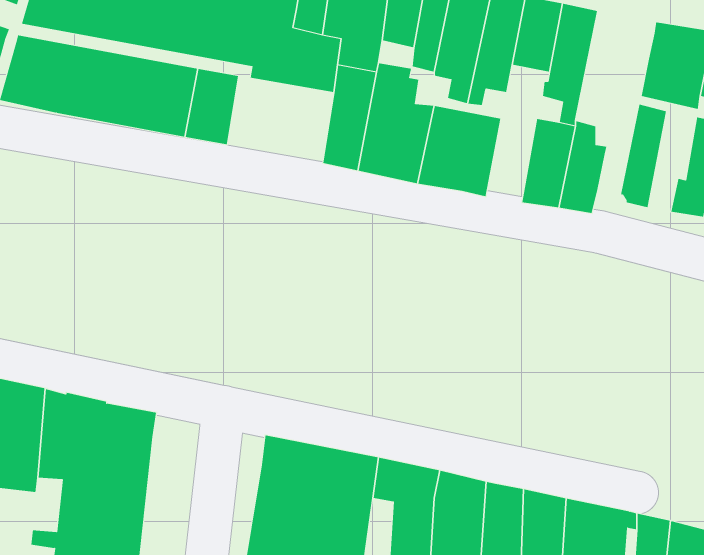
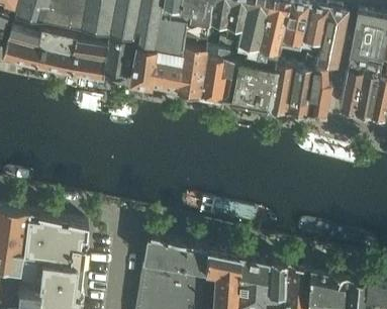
building: none -> [315,10,347,84]
building: none -> [126,45,184,93]
building: none -> [355,65,381,119]
building: none -> [267,66,294,114]

